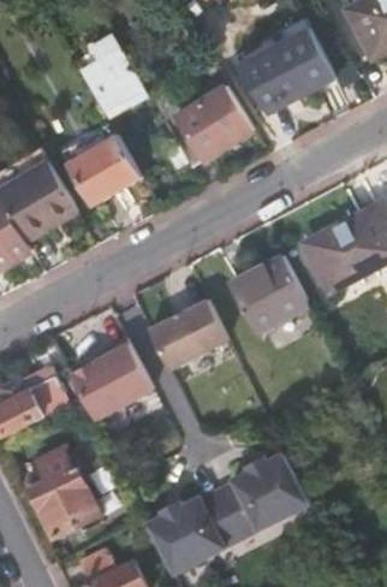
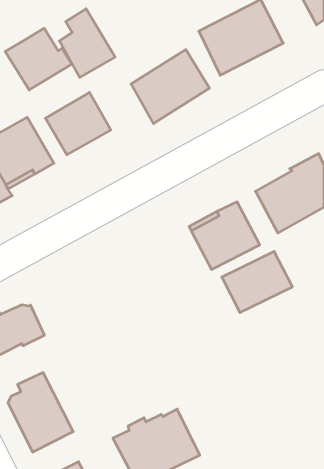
building: none -> [5,28,72,90]
building: [148,300,227,368] -> [222,251,292,313]
building: [70,338,153,421] -> none
building: [216,451,311,540] -> none

